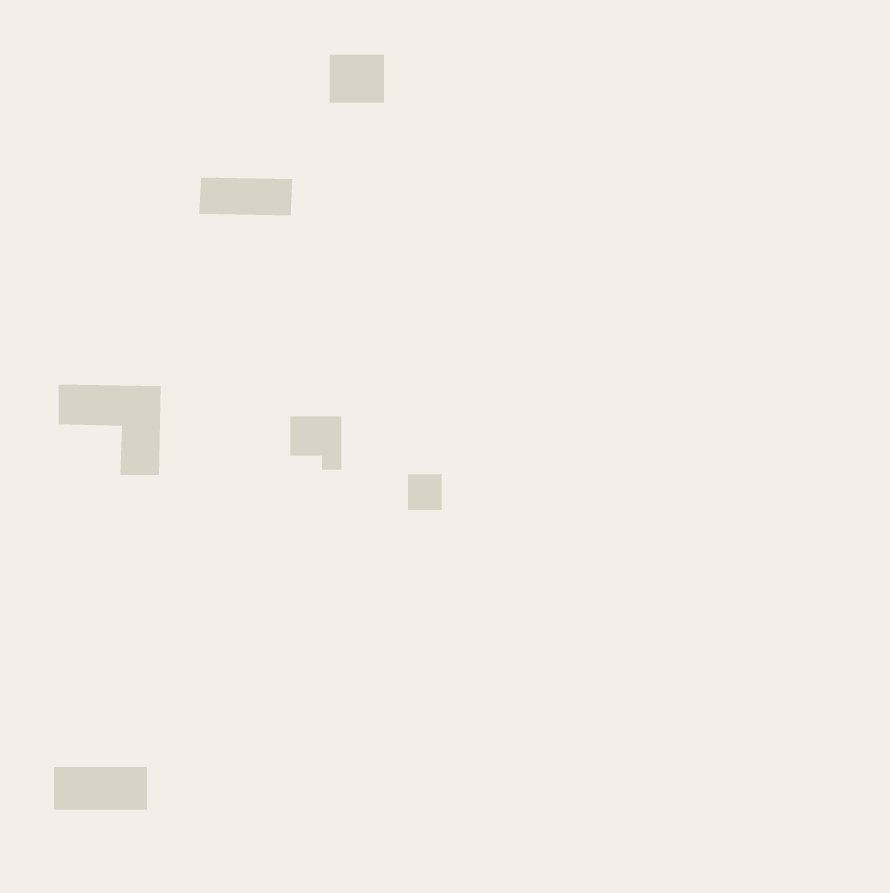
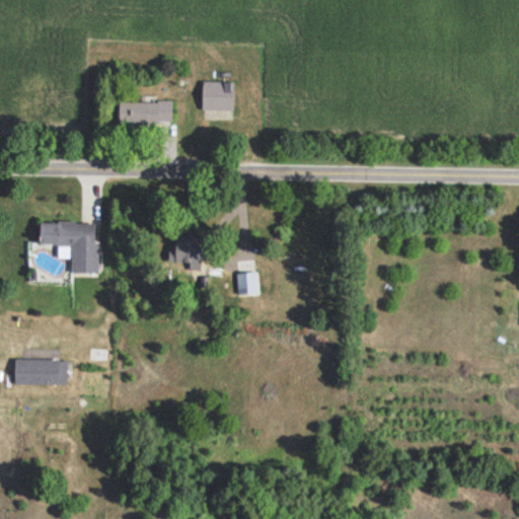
building: [329,54,385,103] -> [202,82,234,110]
building: [53,766,148,810] -> [14,359,69,384]

